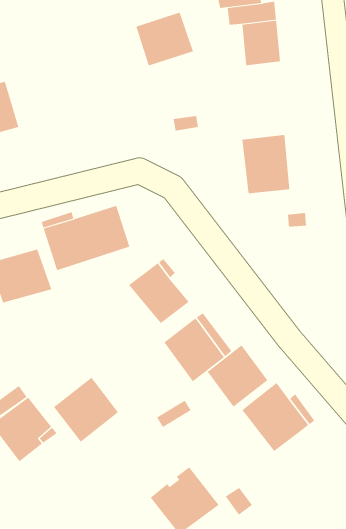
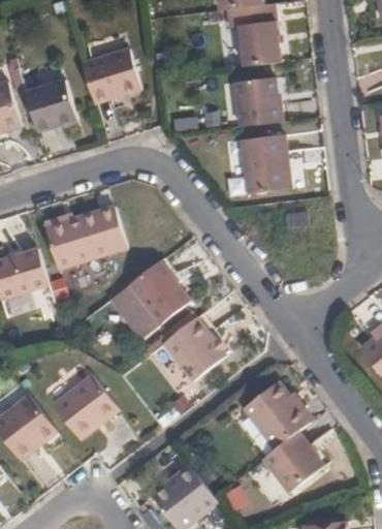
building: [136,12,194,66] -> [82,49,139,102]
building: none -> [235,76,284,126]
building: none -> [24,81,77,133]
building: none -> [114,284,160,336]
building: [207,345,268,407] -> none
building: none -> [262,431,324,493]

